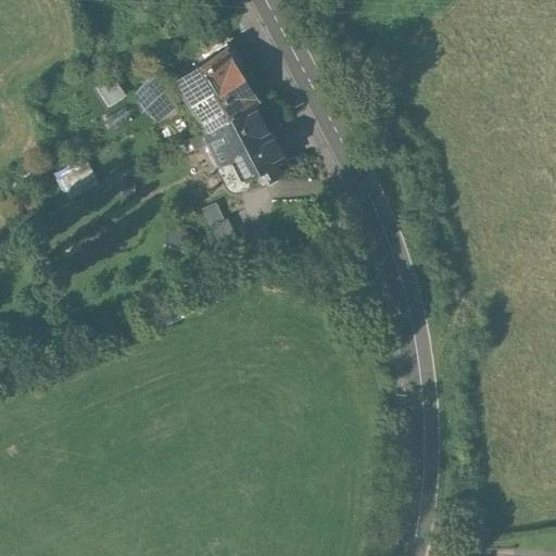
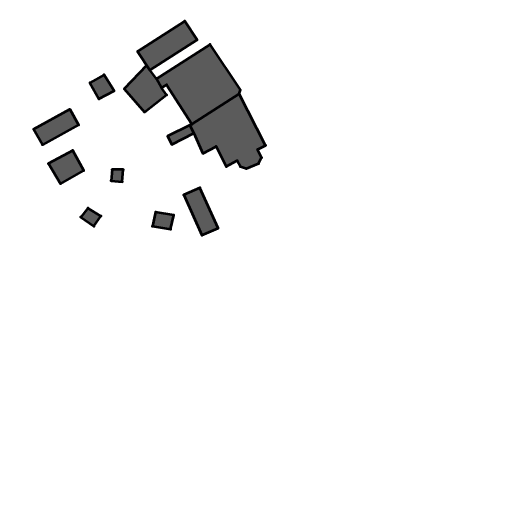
building: none -> [138,21,197,70]
building: none -> [34,109,79,145]

